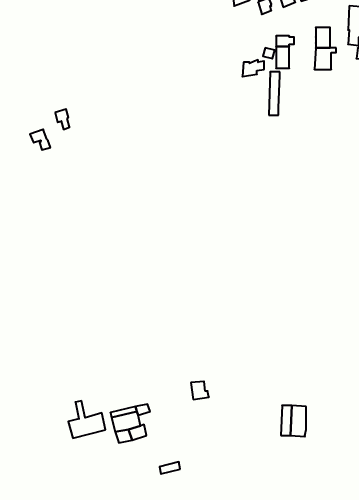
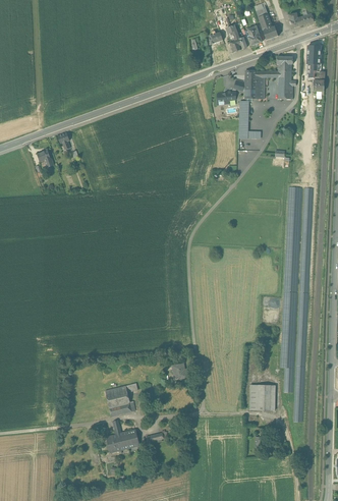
building: [68,401,105,438] -> [107,420,138,451]

